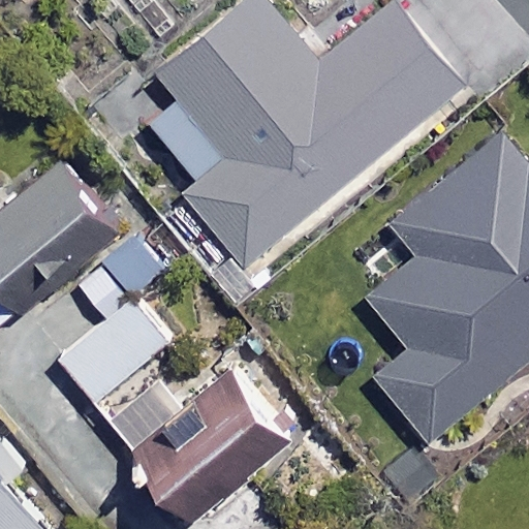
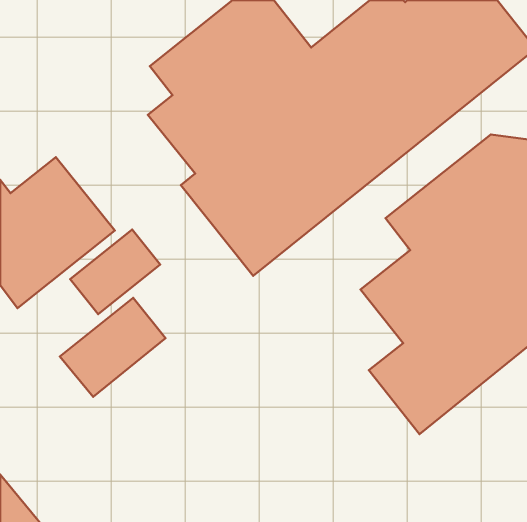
building: [128,373,281,523] -> none

